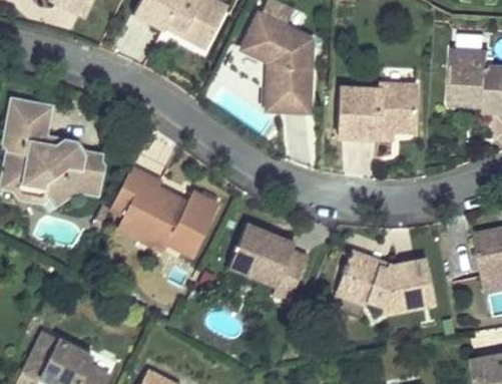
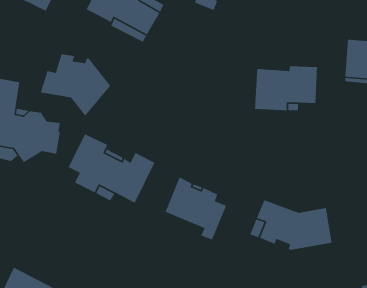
building: [243,15,313,112] -> none
building: none -> [40,53,111,117]

